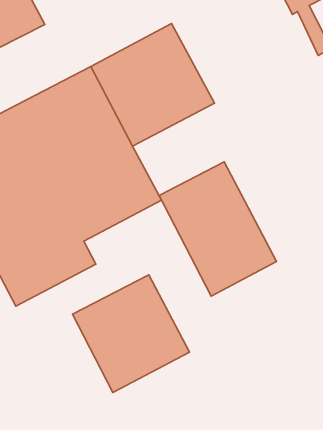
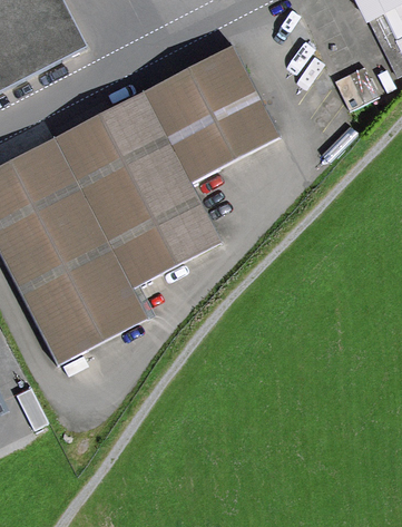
building: [159,162,277,296] -> none
building: [73,275,189,393] -> none

